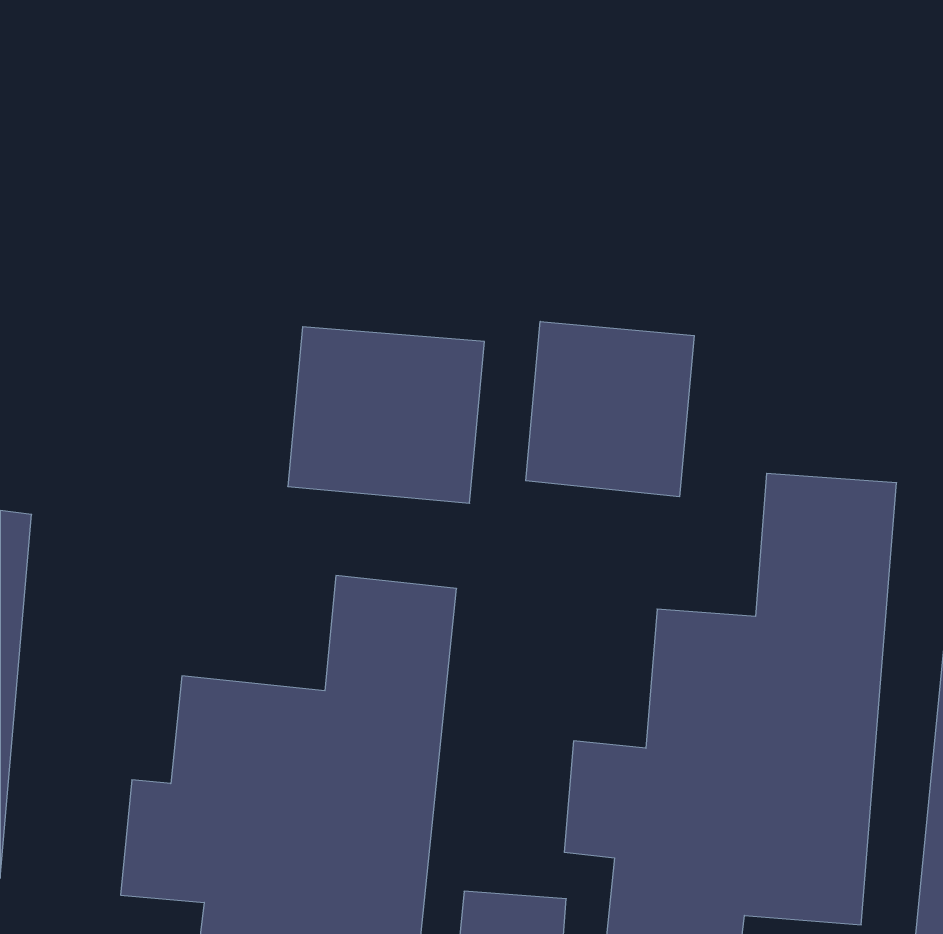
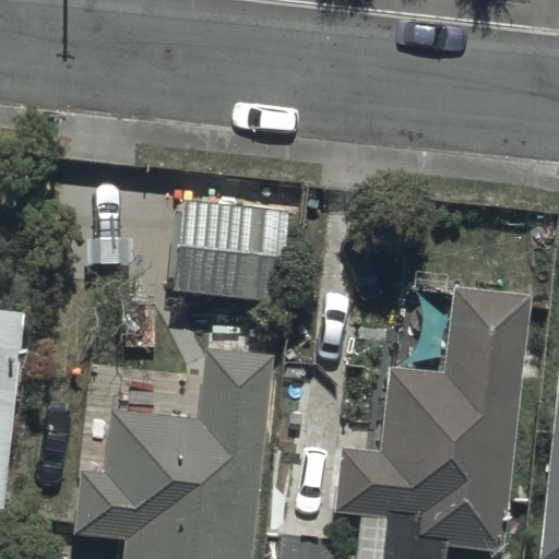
building: [526,321,694,497] -> none

